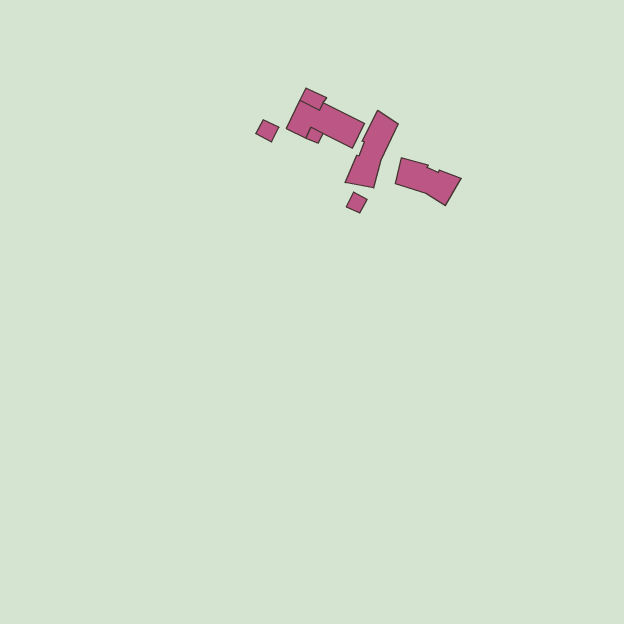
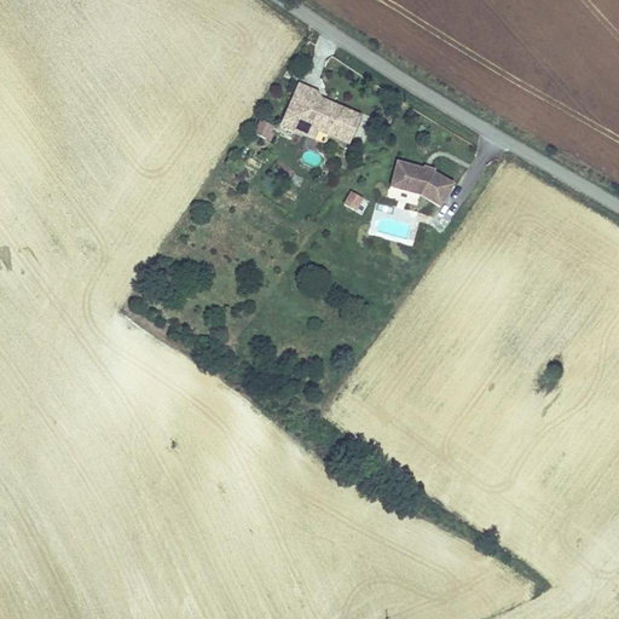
building: [345,110,398,188] -> none

